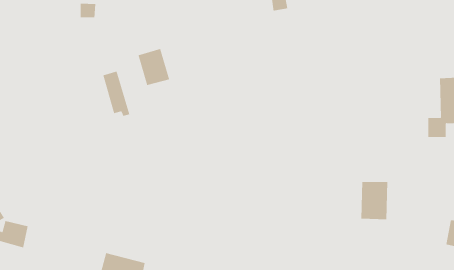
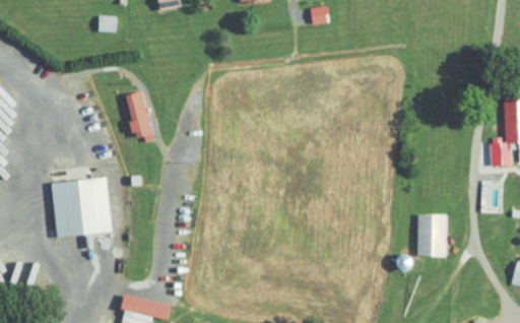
building: [138,48,170,86] -> none
building: none -> [54,176,115,237]

